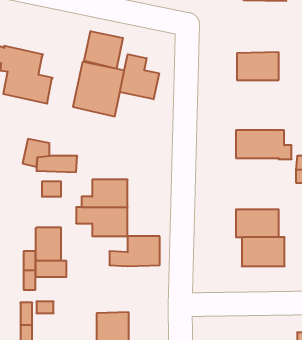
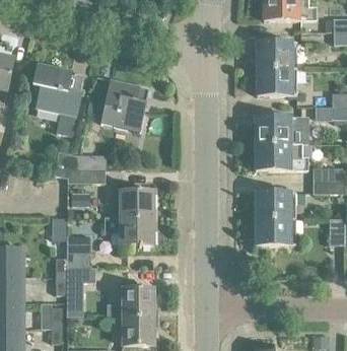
building: none -> [257,43,296,70]
building: [84,31,123,69] -> none
building: [120,54,159,99] -> none
building: none -> [256,117,307,143]
building: [109,236,160,266] -> [107,288,154,317]
building: [242,237,285,266] -> [256,191,296,218]

